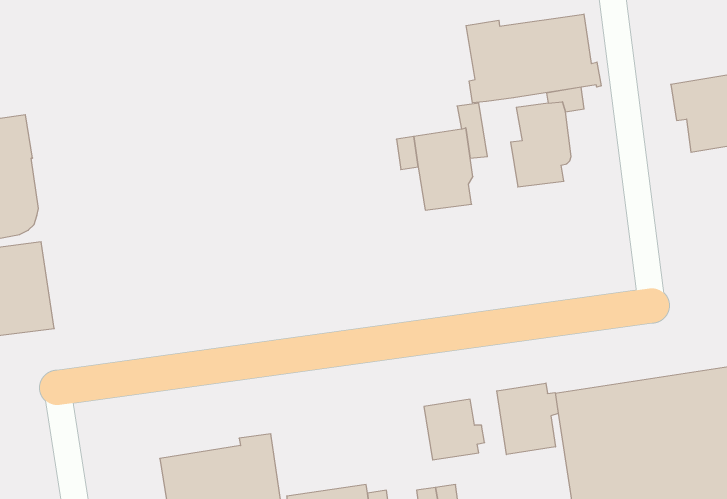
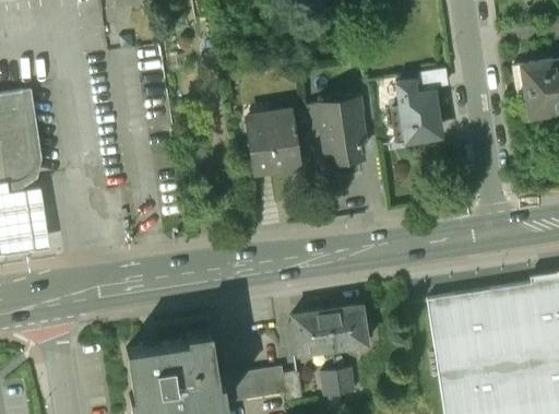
building: [466,14,601,103] -> none
building: none -> [248,110,301,173]
building: [497,383,558,455] -> none
building: none -> [287,309,333,355]

